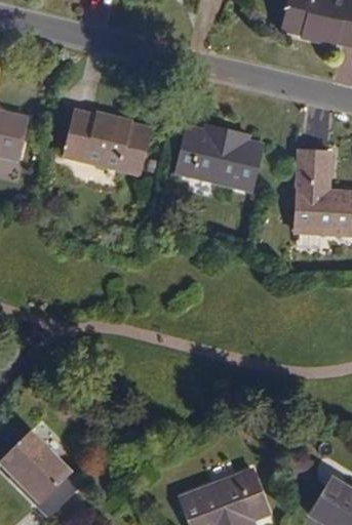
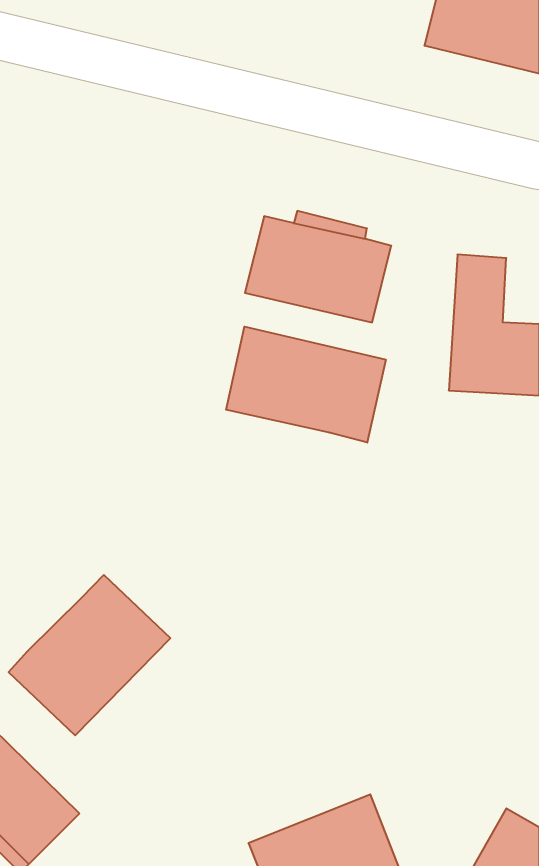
building: [67,112,153,174] -> none
building: none -> [226,327,386,443]
building: none -> [9,575,170,735]

